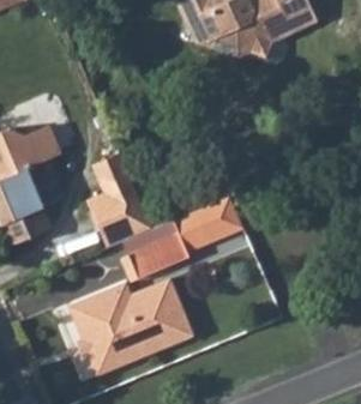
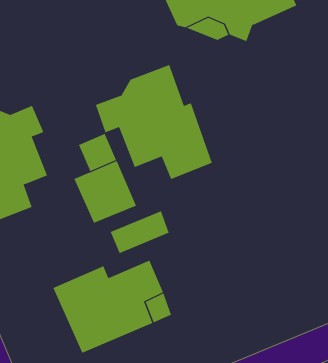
building: none -> [95,64,213,180]
building: [180,215,230,254] -> none

